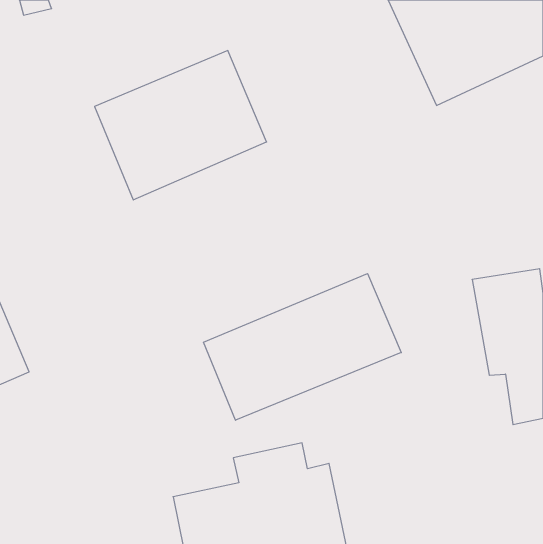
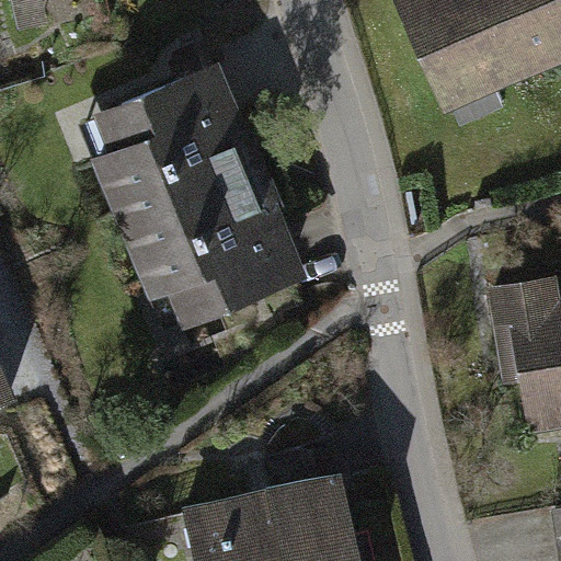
building: none -> [136,150,319,320]
building: [203,274,401,420] -> none

